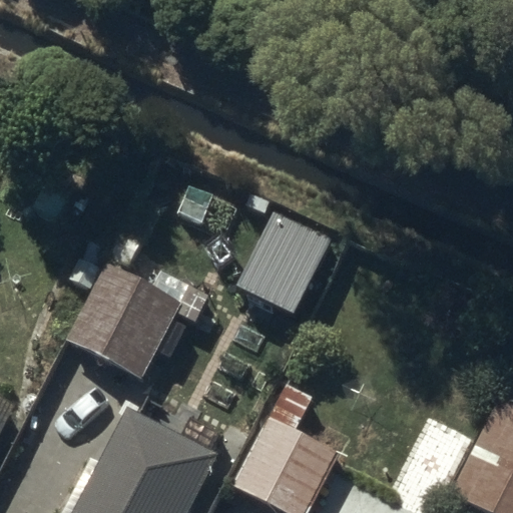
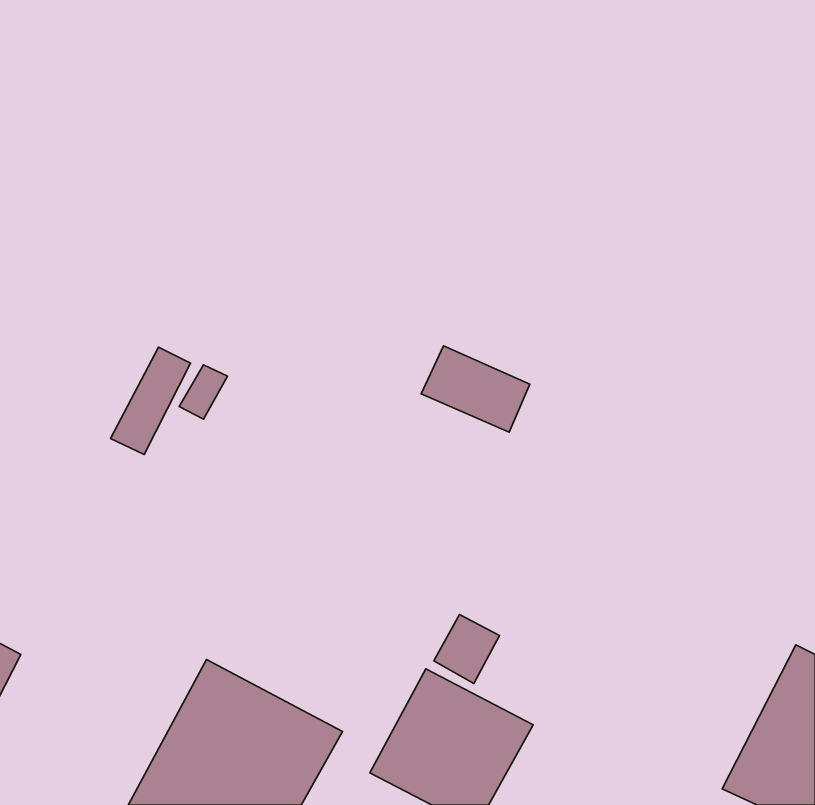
building: [69,267,178,377] -> none

